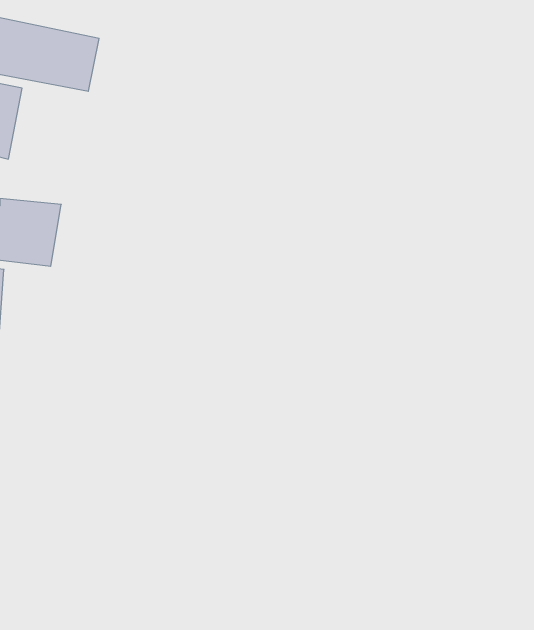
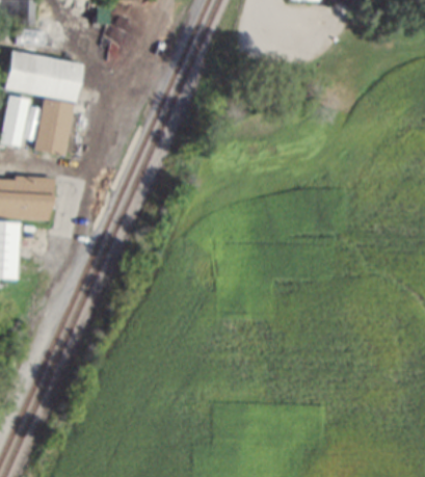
building: none -> [33,98,76,156]

